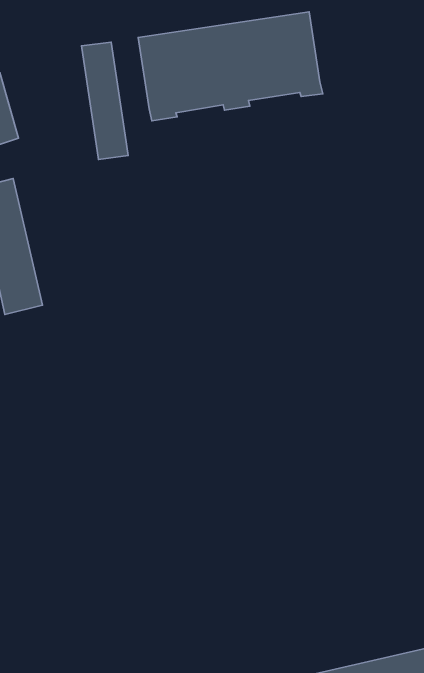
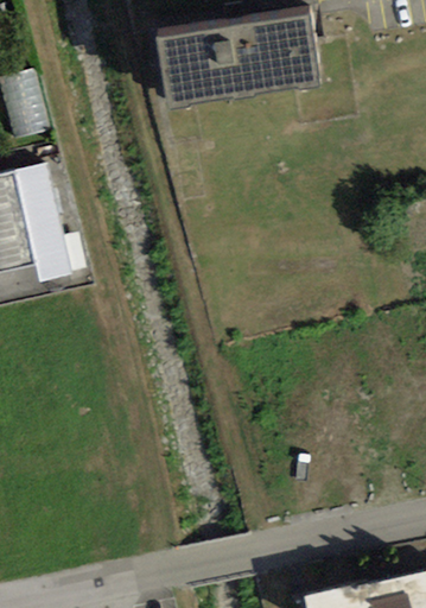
building: [81,42,128,159] -> none

